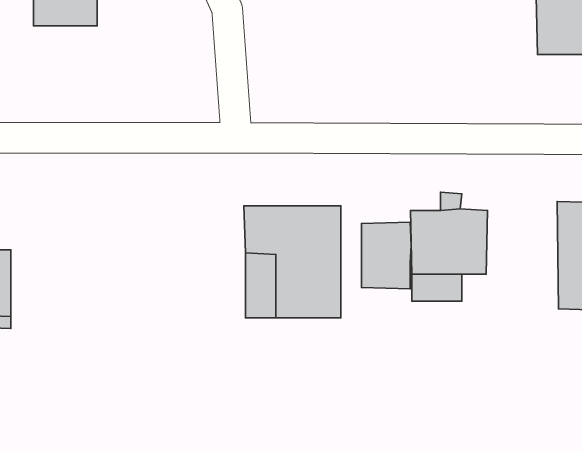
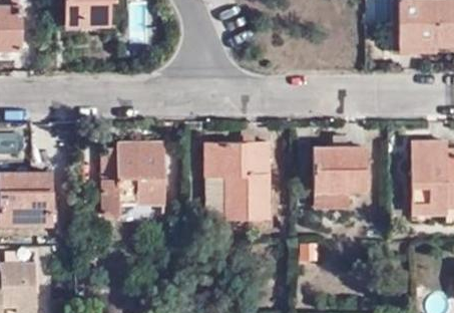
building: none -> [102,141,163,213]
building: [361,222,411,289] -> none

